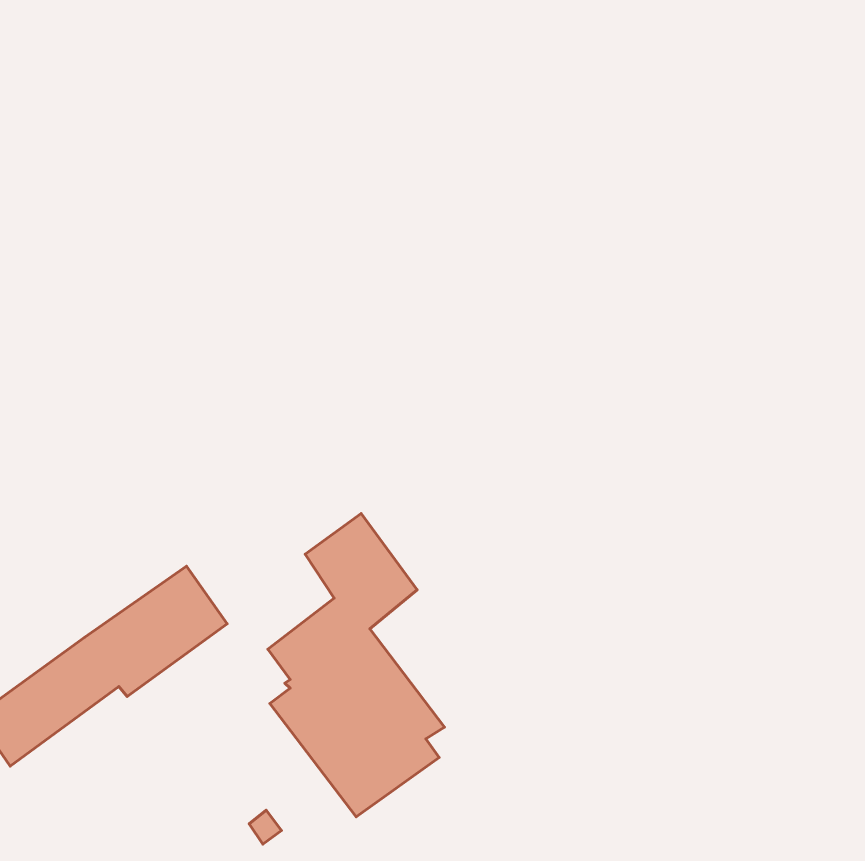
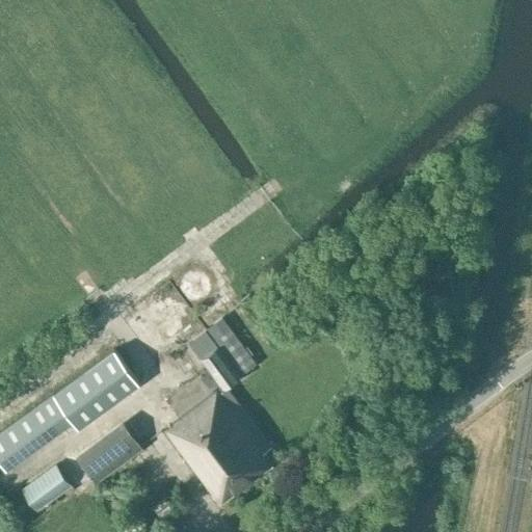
building: none -> [78,427,142,485]
building: none -> [20,467,72,512]

